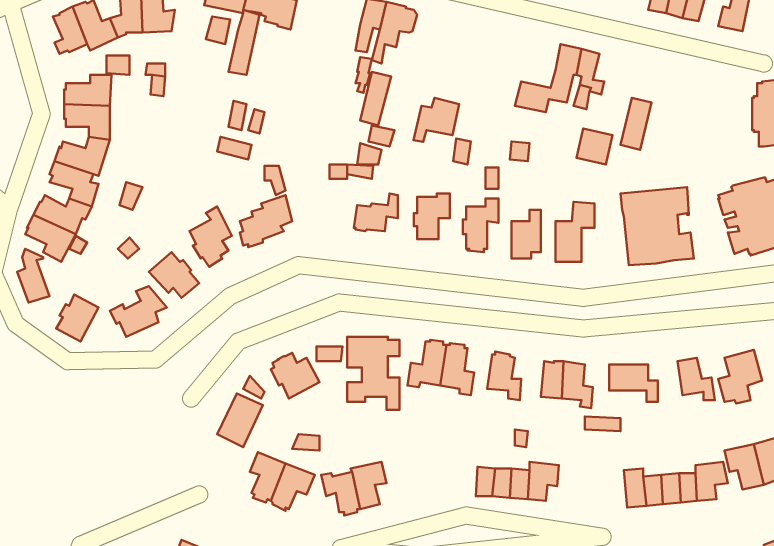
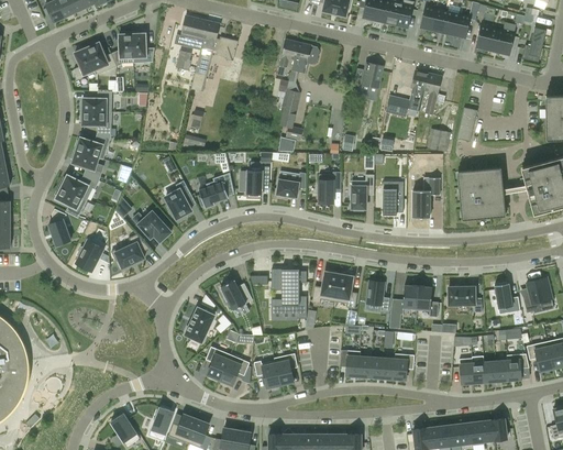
building: [413,98,459,142] -> [352,63,383,92]
building: none -> [244,166,268,196]
building: none -> [340,350,360,376]

